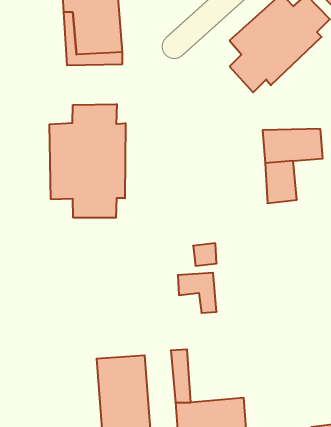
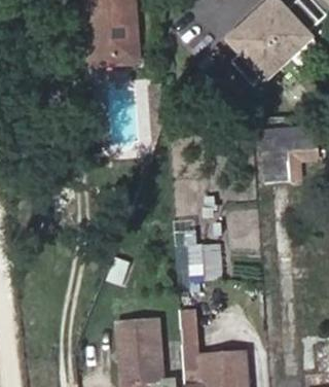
building: [49,104,125,218] -> none

